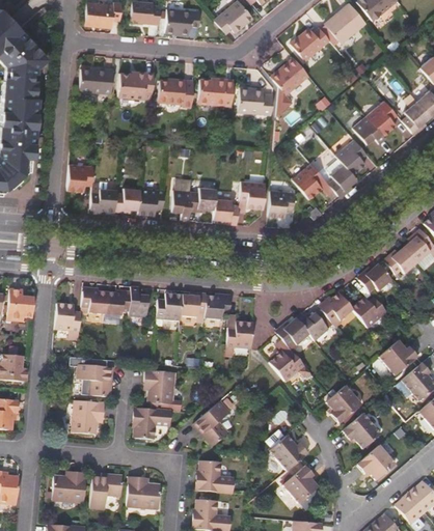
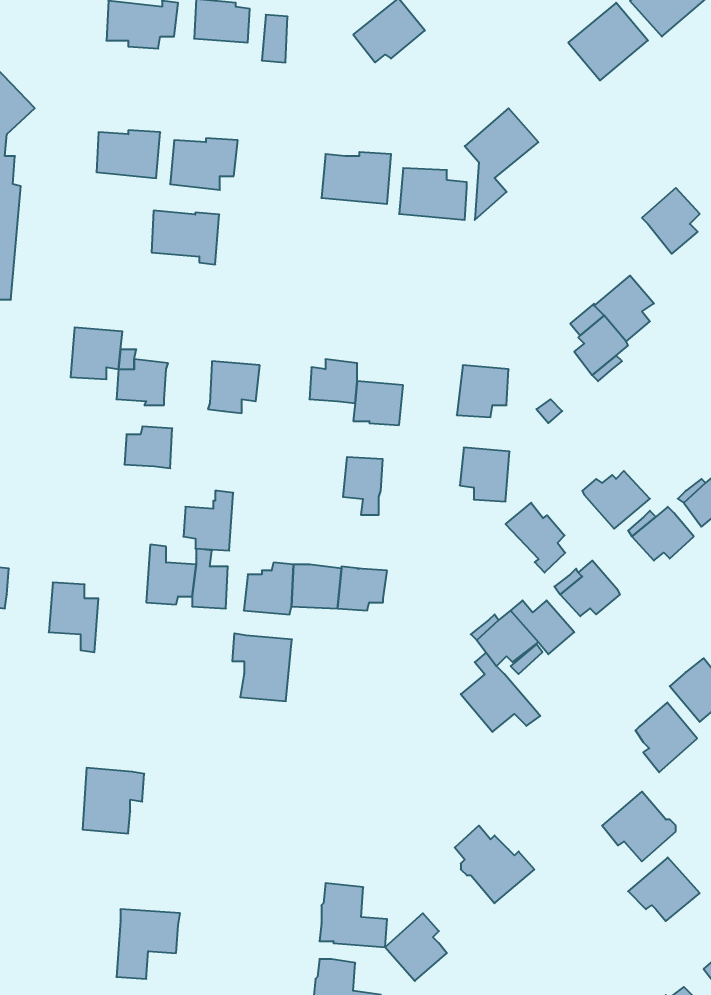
building: [179,9,201,34] -> none
building: [292,27,331,60] -> none
building: [157,83,192,111] -> [152,211,219,264]
building: [353,117,386,146] -> none
building: [292,163,323,199] -> none
building: [240,181,266,209] -> [460,448,510,501]
building: [115,189,140,211] -> [124,426,172,468]
building: [171,191,192,221] -> [343,457,383,515]
building: none -> [506,503,565,573]
building: [82,283,108,314] -> [183,491,233,551]
building: [352,298,387,328] -> [582,471,650,529]
building: [227,322,253,350] -> none
building: [77,364,112,397] -> none
building: [144,370,175,406] -> [232,633,292,701]
building: [330,385,362,421] -> [635,702,697,772]
building: [195,403,232,451] -> none
building: [133,408,169,440] -> none
building: [287,466,319,501] -> [385,913,447,981]
building: [53,472,87,502] -> none
building: [128,477,162,509] -> none

